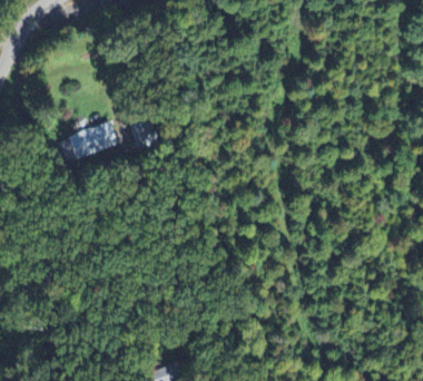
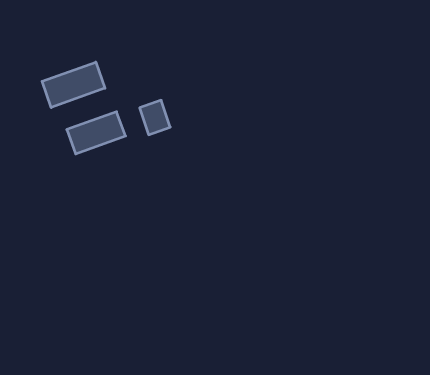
building: none -> [42,62,105,108]

